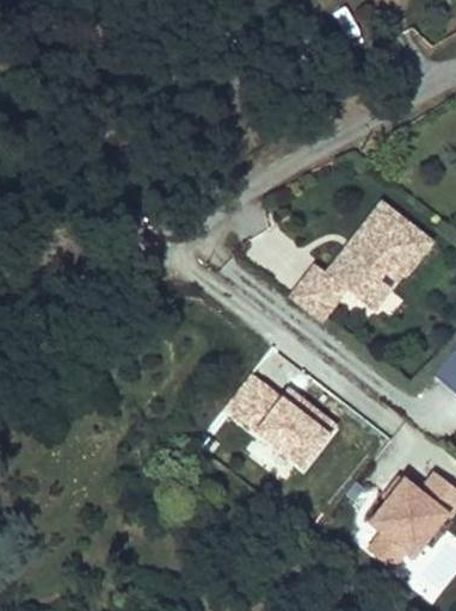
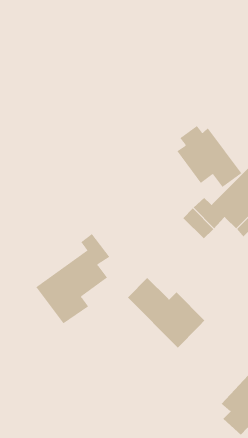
building: none -> [176,125,242,188]
building: none -> [35,233,110,324]

